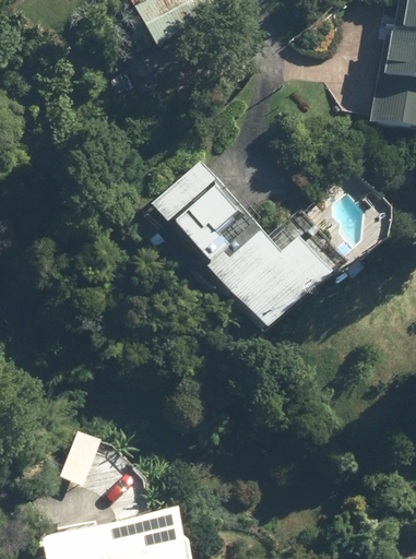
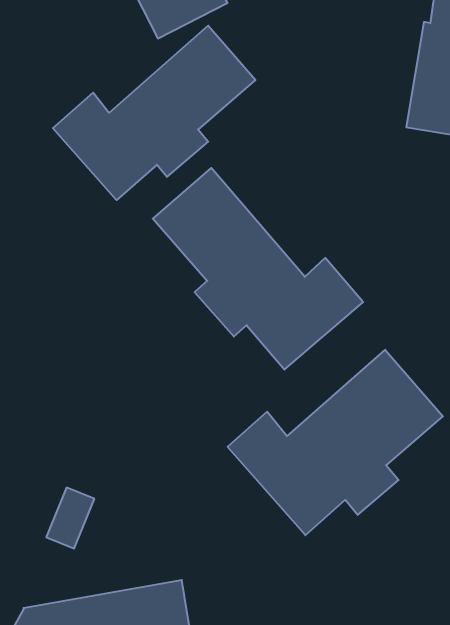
building: none -> [53,26,255,200]
building: none -> [228,350,443,535]

